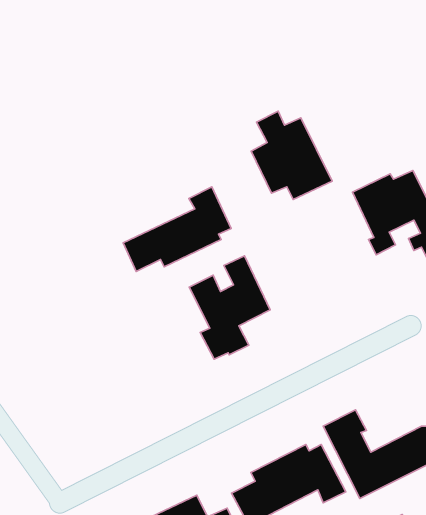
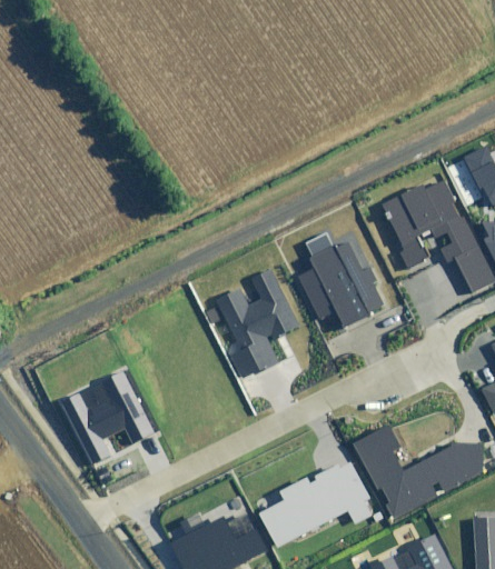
building: [251,111,332,200] -> [299,234,383,326]
building: [123,187,231,271] -> none
building: none -> [59,370,155,466]

